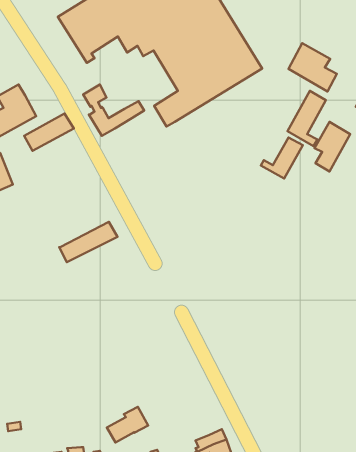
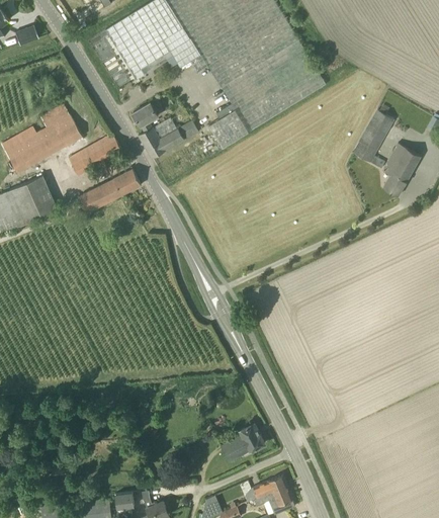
building: [288,43,337,92] -> none
building: [261,137,303,178] -> none
building: [59,222,117,262] -> [79,169,142,212]
building: [107,407,148,442] -> [221,423,265,461]

